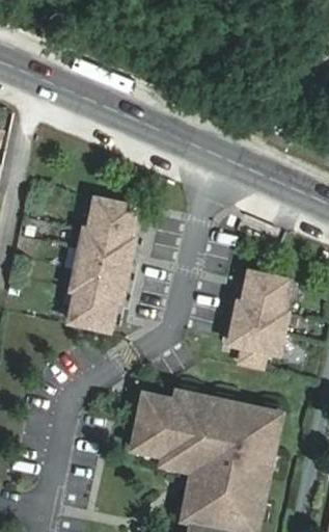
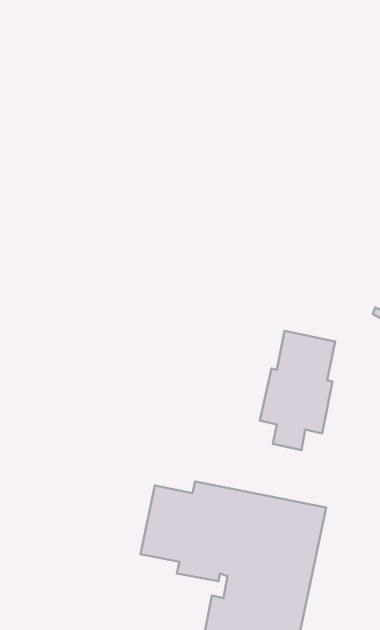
building: [67,195,134,327] -> none

